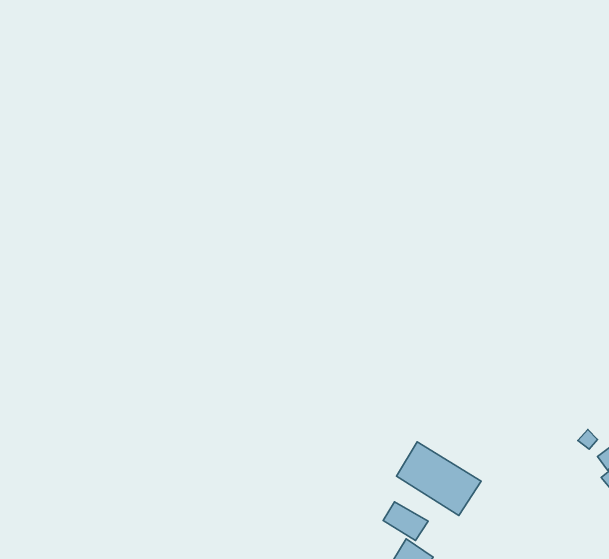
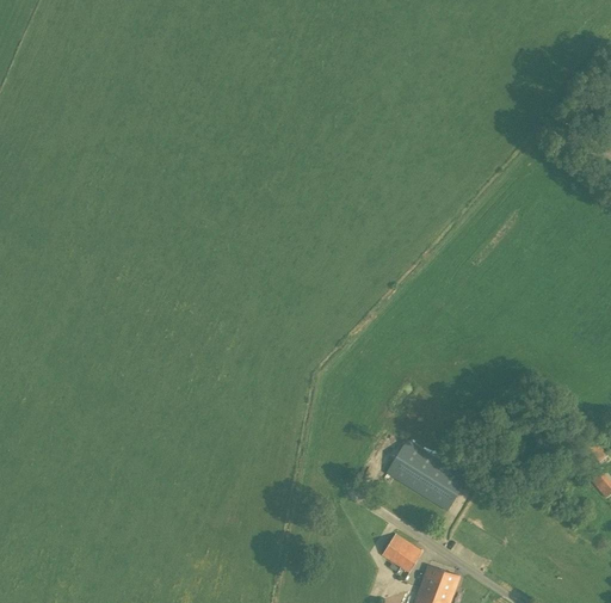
building: [383,502,428,541] -> none

